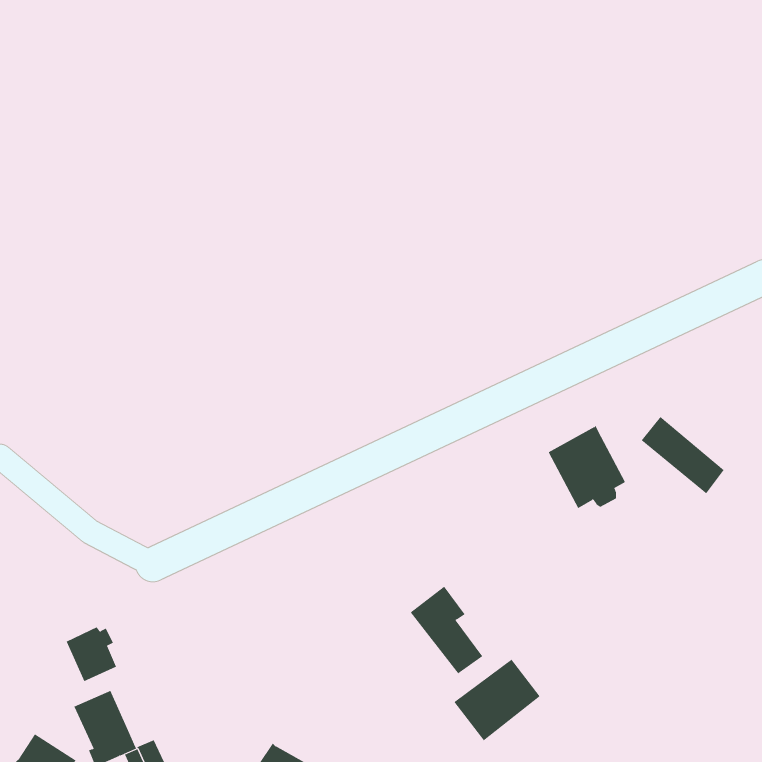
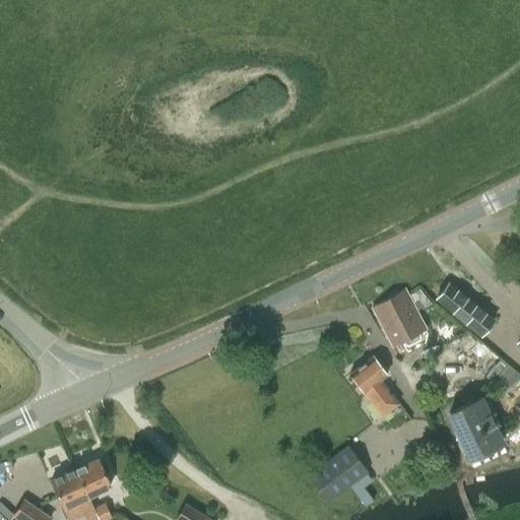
building: [410,586,483,674] -> [350,358,400,417]
building: none -> [450,404,502,456]
building: [66,626,117,682] -> [77,460,112,498]

